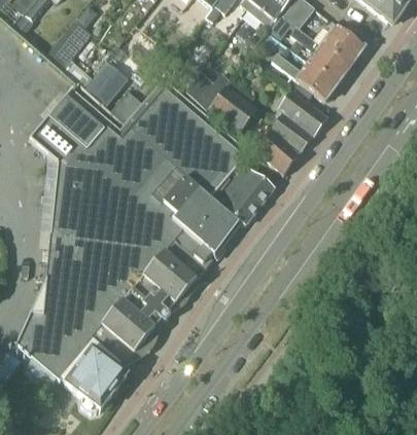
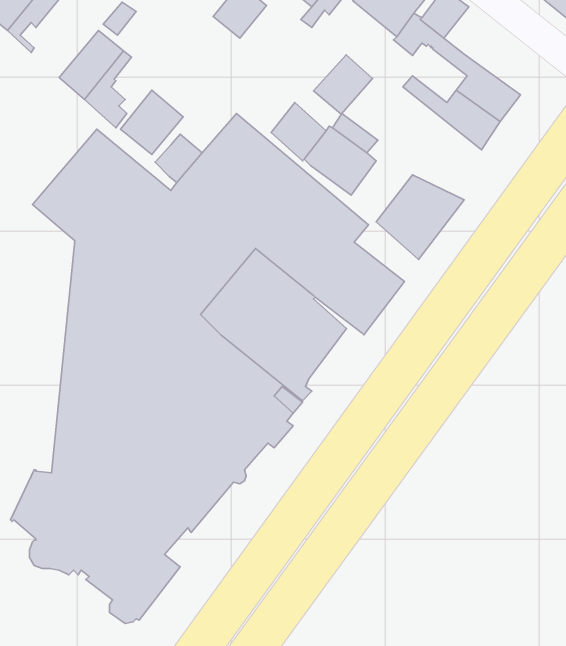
building: [313,21,363,65] -> none
building: none -> [313,55,372,114]
building: [278,90,325,134] -> none

